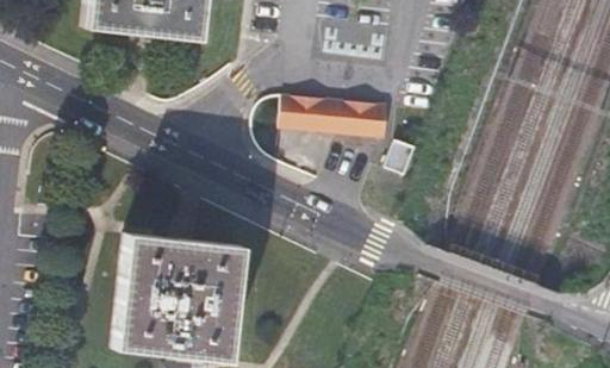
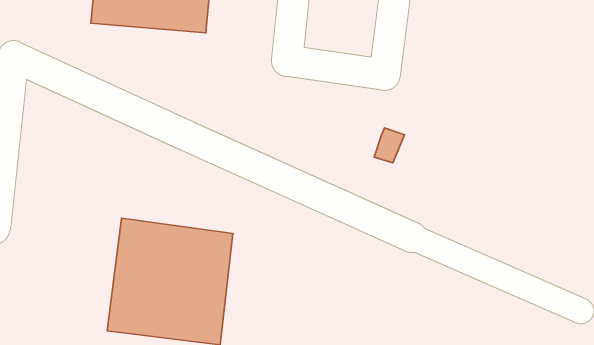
building: [273,91,384,141] -> none

